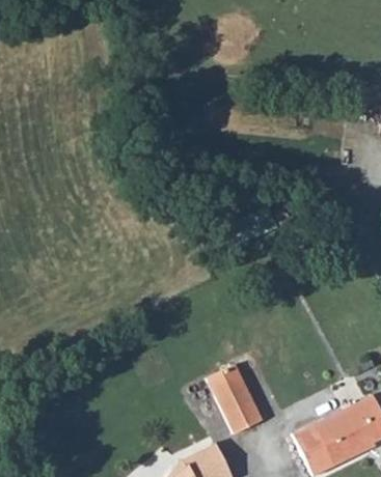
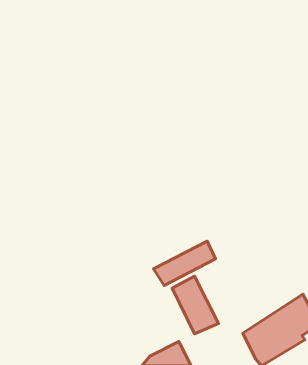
building: none -> [153,241,215,286]

